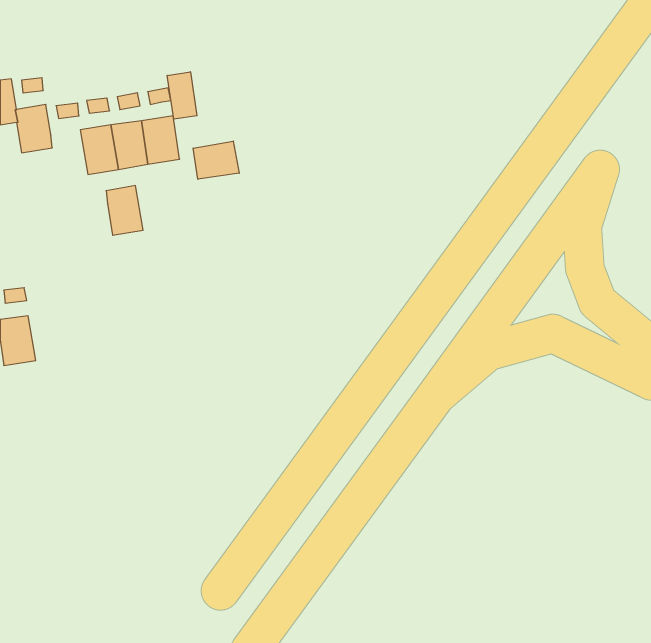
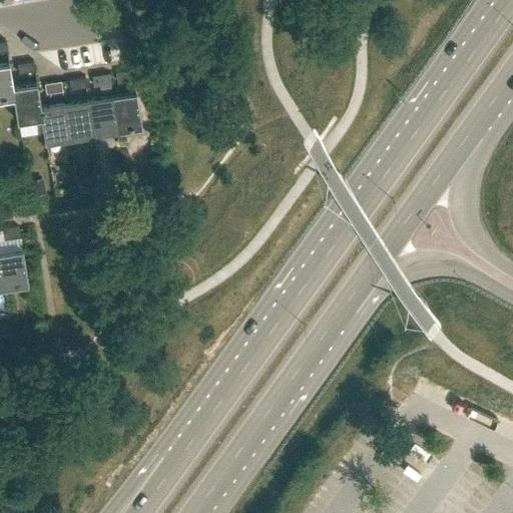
building: [167,72,197,119] -> none
building: [193,141,239,179] -> none
building: [106,186,143,235] -> [40,108,69,147]

